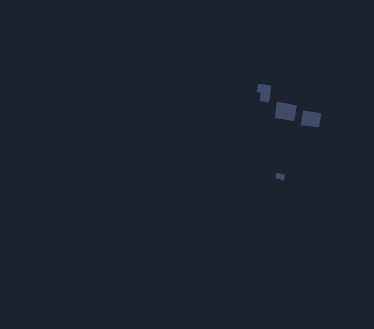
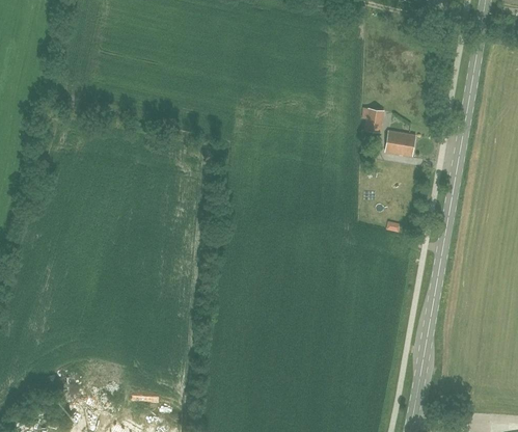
building: [300,110,322,128] -> none

